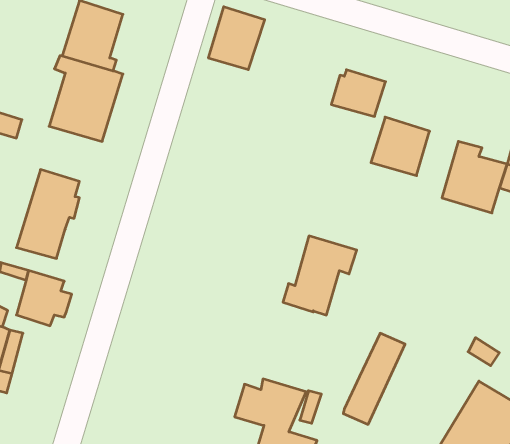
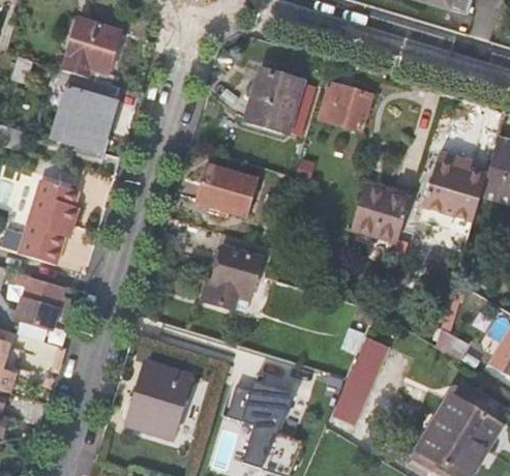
building: [208,7,265,70] -> [246,71,300,131]
building: [371,117,430,176] -> [353,186,409,242]
building: none -> [194,165,256,216]
building: [283,236,357,315] -> [202,235,272,310]
building: none -> [127,364,188,437]

